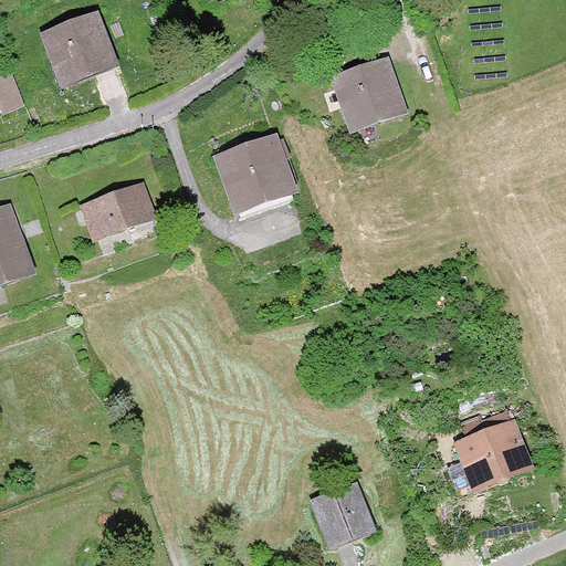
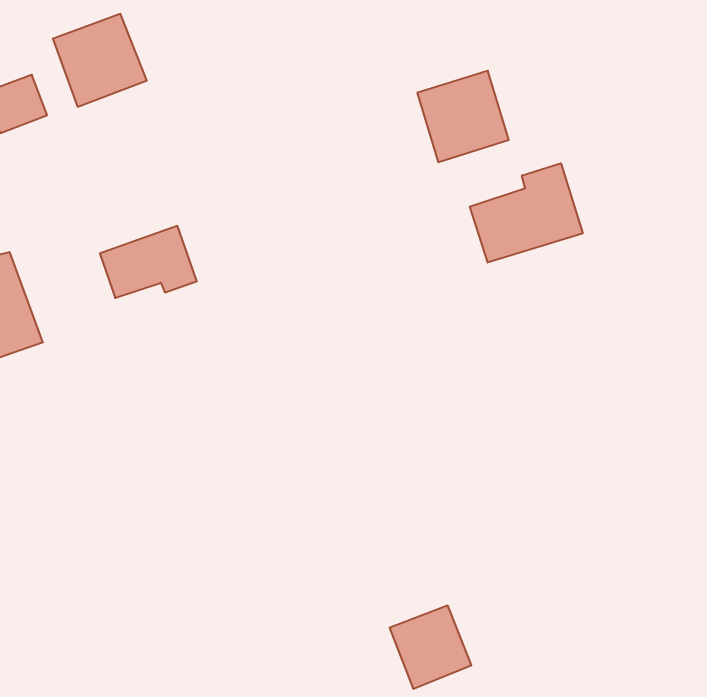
building: none -> [470,163,583,263]
building: [214,130,295,207] -> none
building: [448,416,533,493] -> none

